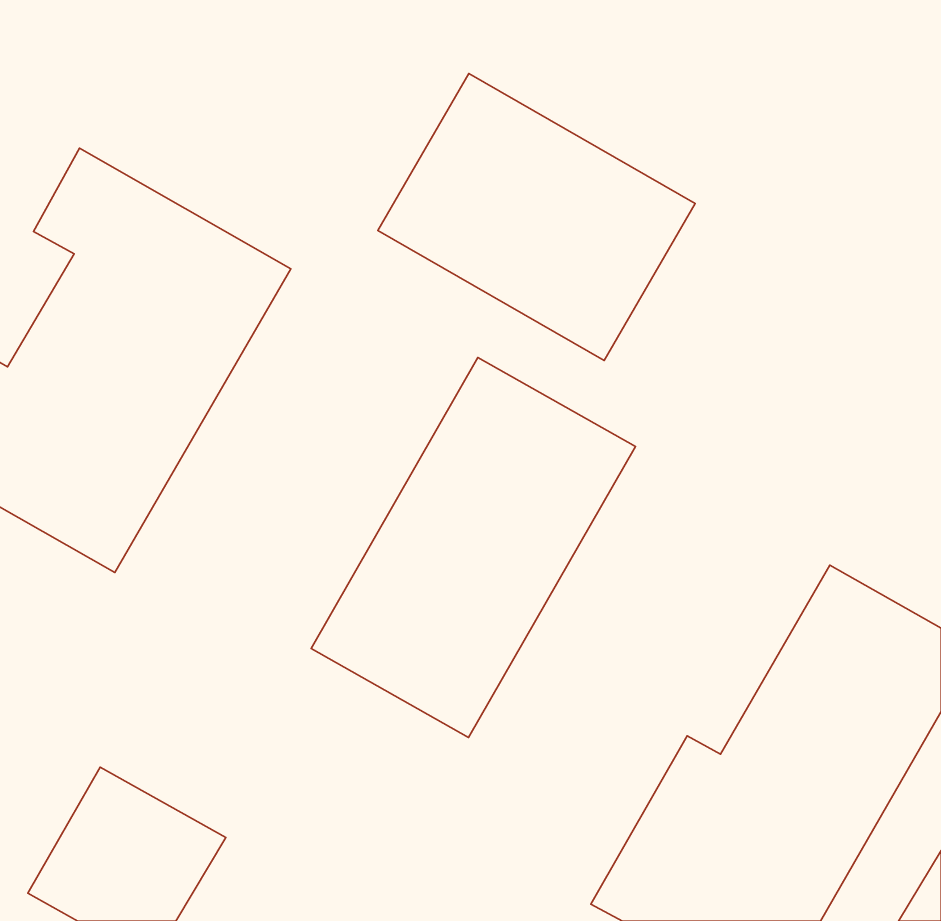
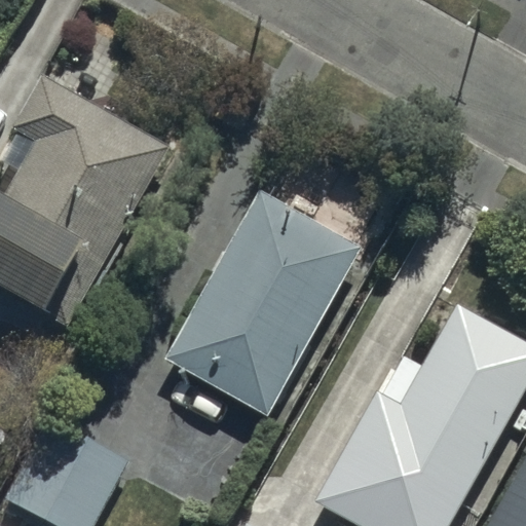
building: [378,74,695,361] -> none

